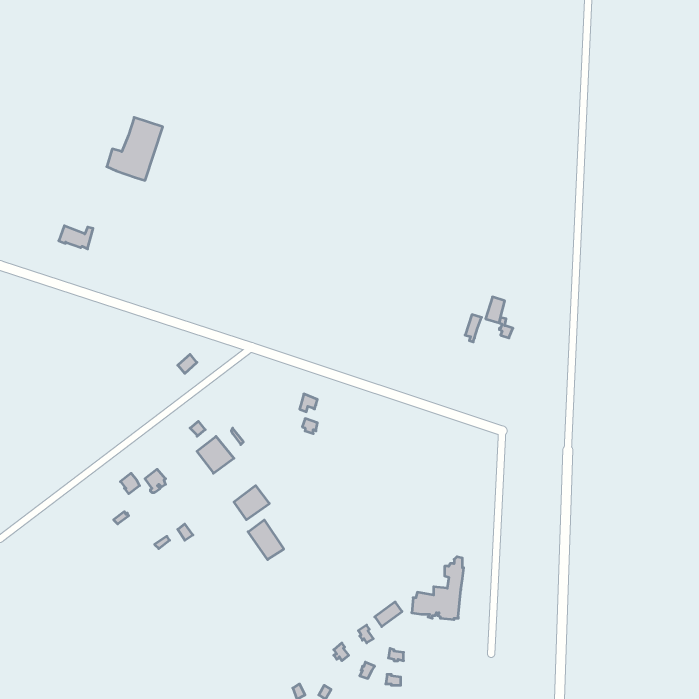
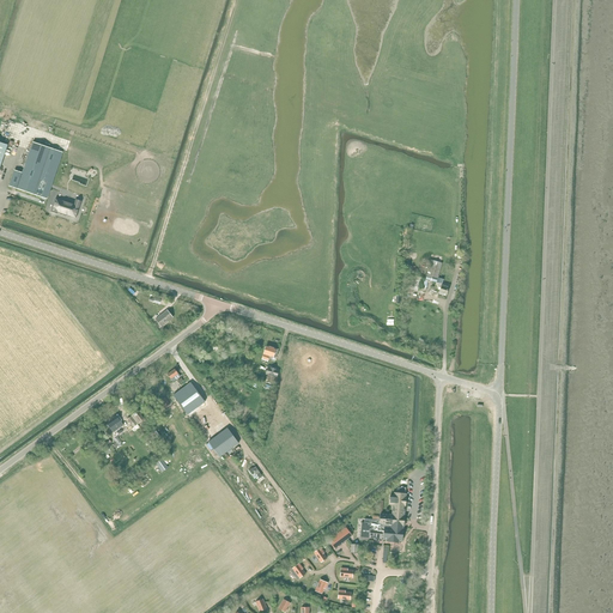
building: [107,117,163,180] -> [10,142,59,198]
building: [248,520,284,560] -> none

